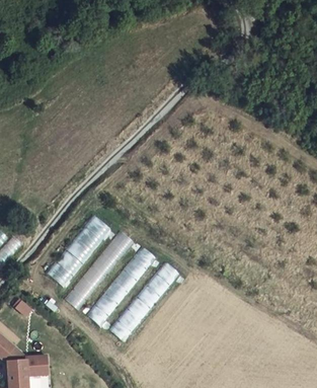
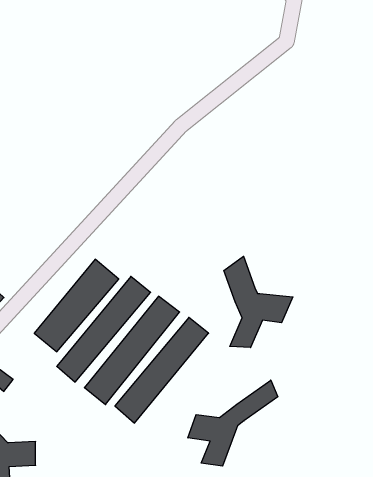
building: none -> [224,256,293,348]
building: none -> [188,380,278,466]

